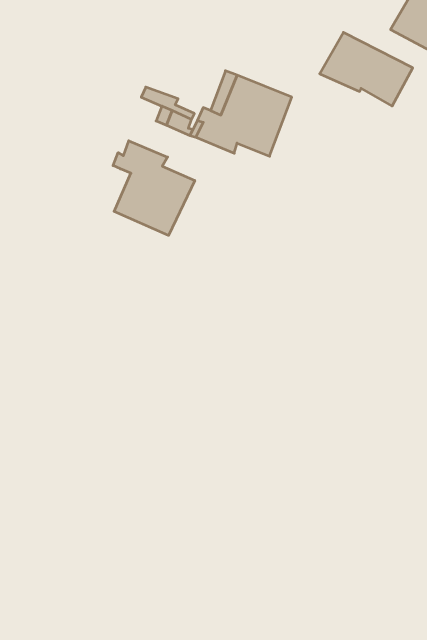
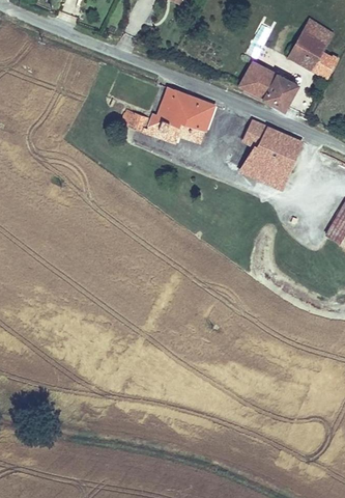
building: none -> [236,118,304,191]
building: [113,141,195,235] -> none

